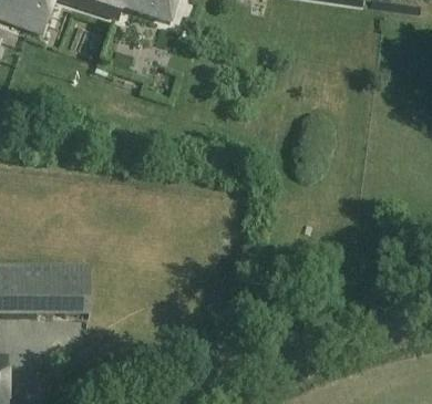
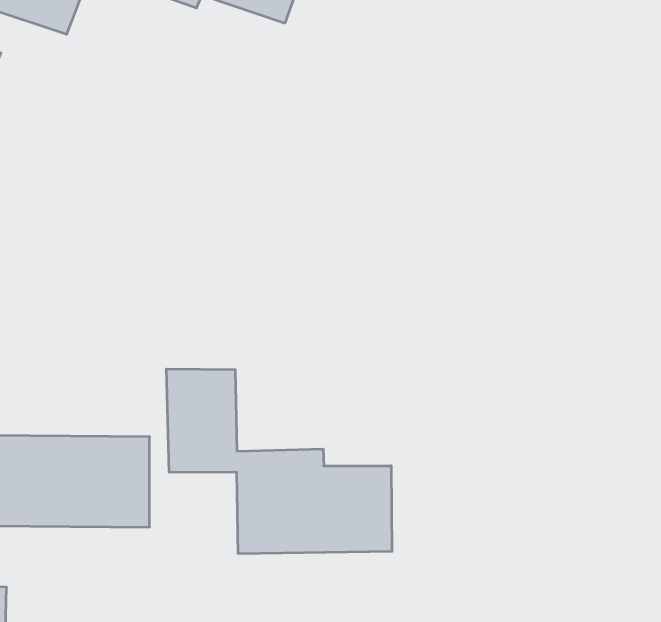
building: none -> [166,369,392,554]

